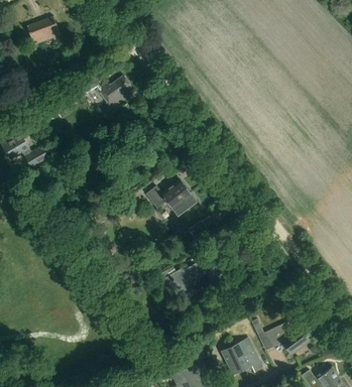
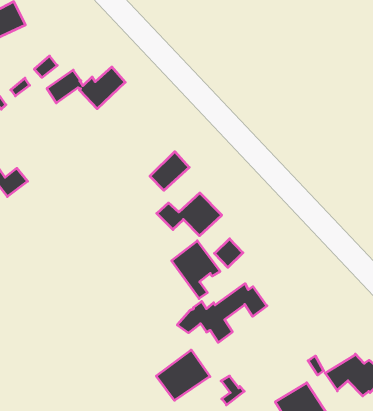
building: none -> [150,152,189,190]
building: none -> [172,241,220,299]
building: none -> [156,350,210,400]

